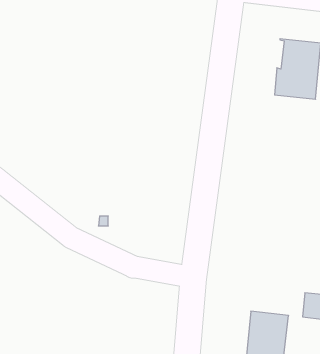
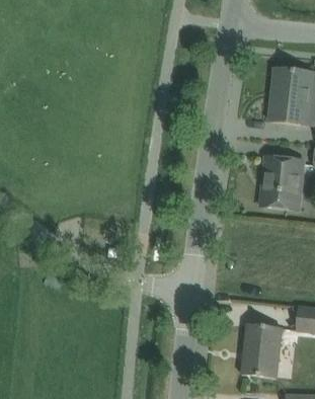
building: none -> [259,156,303,210]

